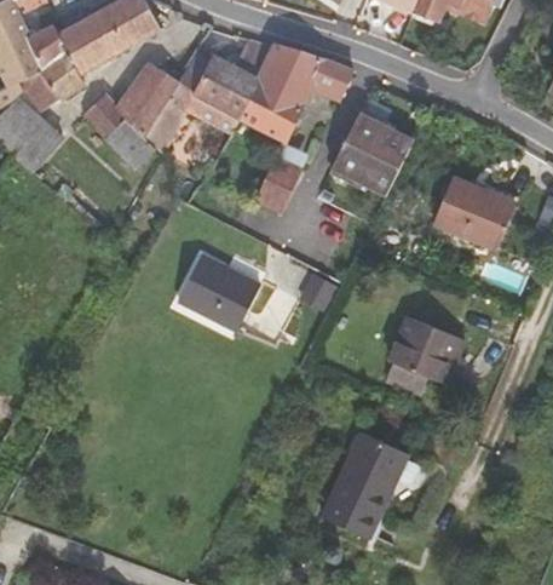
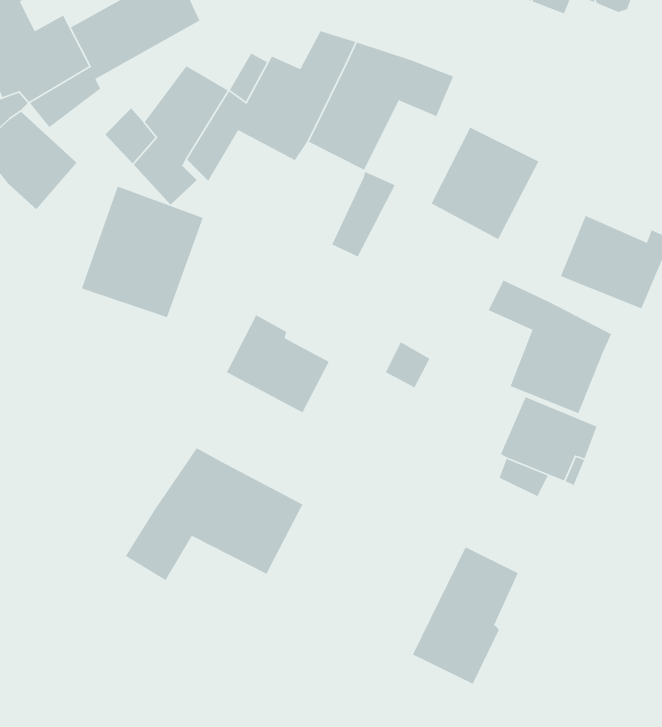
building: none -> [81,186,204,318]
building: none -> [488,279,612,414]
building: none -> [125,447,303,581]

